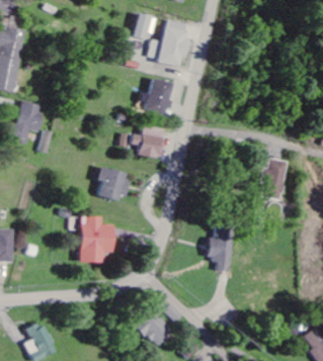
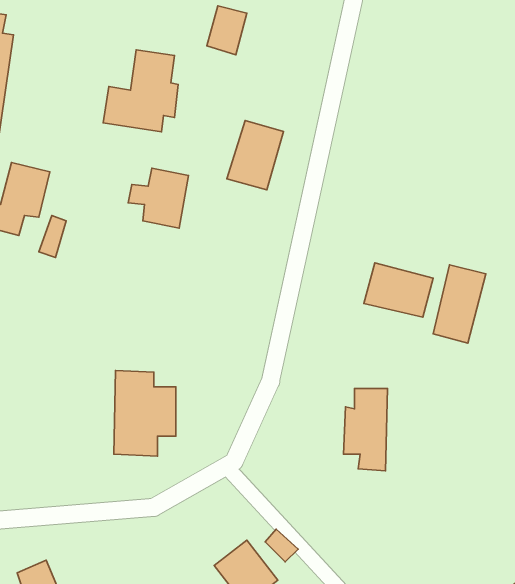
building: [147,19,188,65] -> [103,50,178,132]
building: [130,124,163,158] -> [128,168,188,228]
building: none -> [364,263,433,317]
building: [97,167,130,199] -> none

